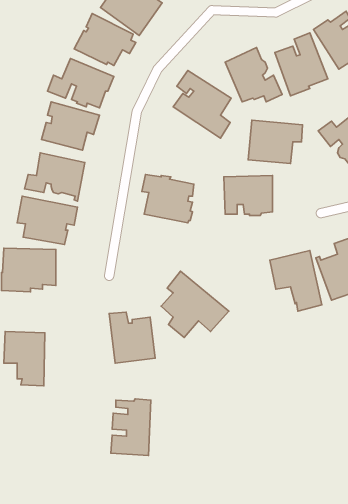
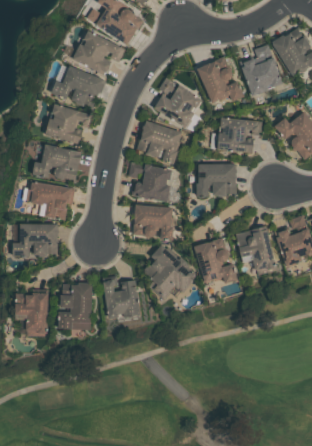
building: none -> [137,121,182,163]
building: none -> [133,205,174,240]
building: none -> [195,238,237,283]
building: [111,399,151,456] -> [59,282,92,329]

